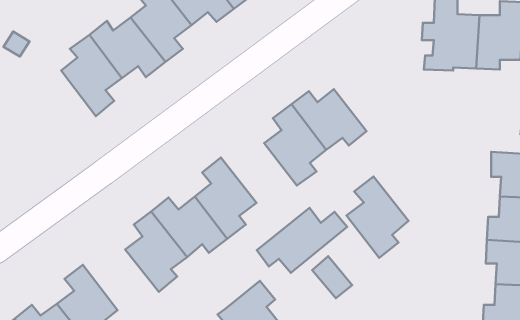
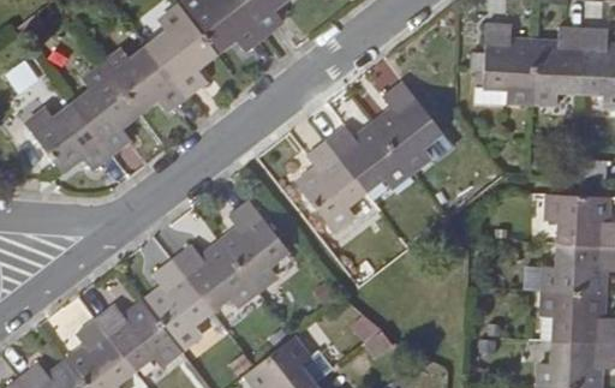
building: none -> [25,103,111,172]
building: [346,176,408,258] -> [374,80,442,171]
building: [257,208,347,273] -> none
building: none -> [96,302,180,369]

